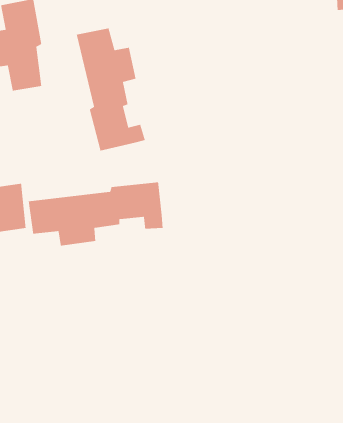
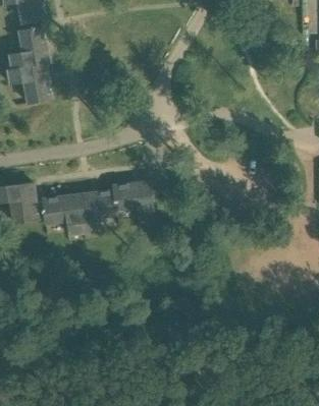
building: [76,27,146,152] -> none

